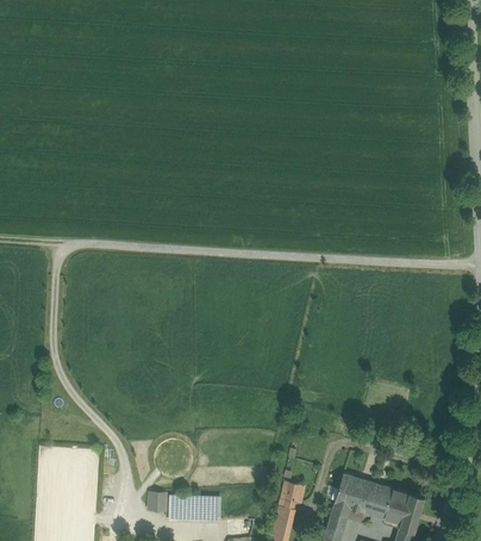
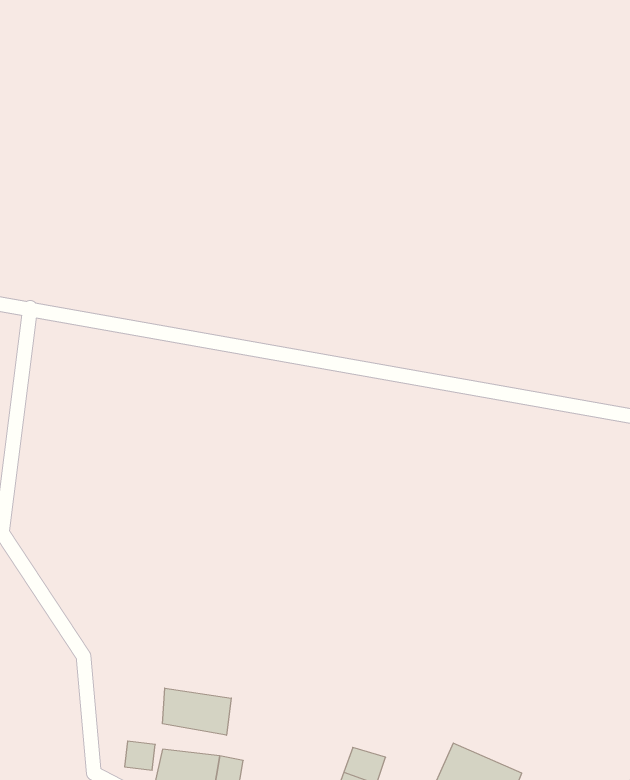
building: none -> [163,688,231,735]

